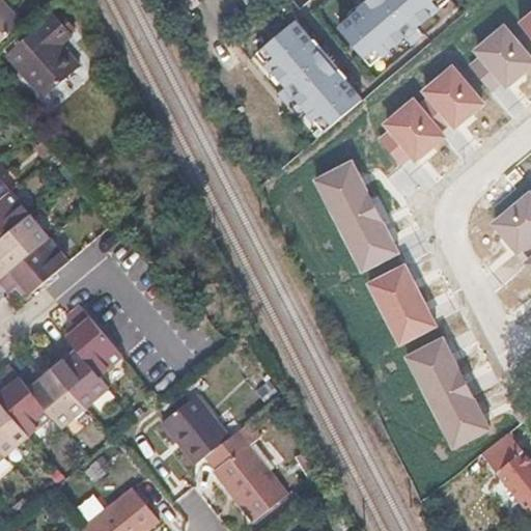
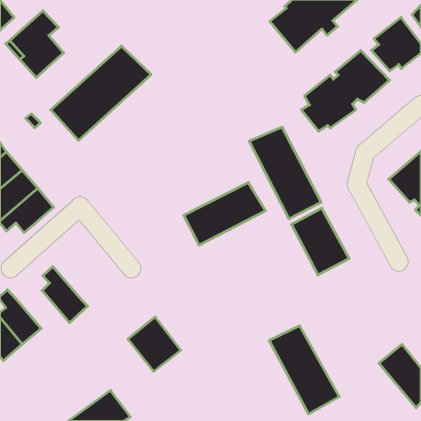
building: [257,20,362,131] -> none
building: none -> [51,46,151,140]
building: none -> [184,182,265,245]
building: [66,305,121,373] -> none
building: [403,337,492,448] -> [269,326,339,414]
building: [20,364,87,425] -> none
building: [203,431,287,525] -> none

